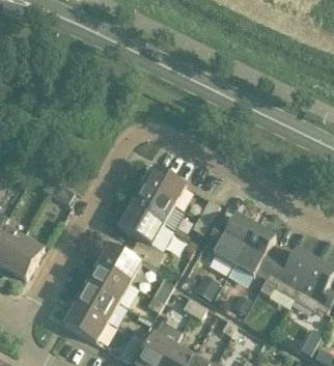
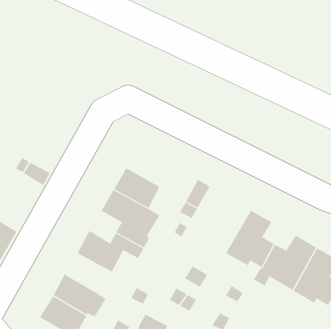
building: [142,167,186,204] -> none
building: [204,214,255,264] -> none
building: [86,264,130,302] -> none

